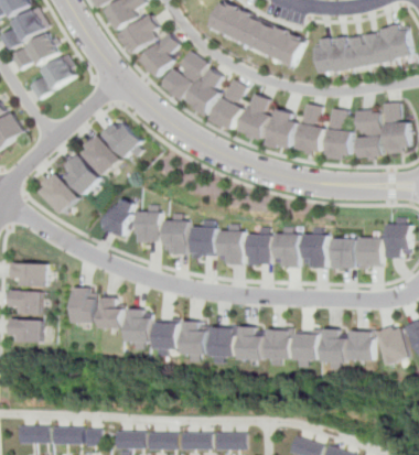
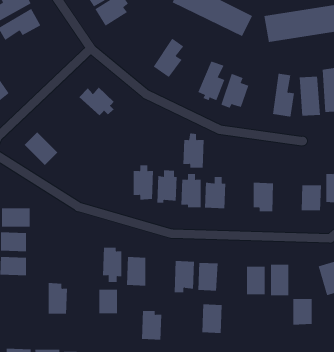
building: [140,35,182,77] -> none
building: [162,51,207,101] -> none
building: [26,57,74,100] -> none
building: [210,78,246,130] -> none
building: [296,104,324,155] -> none
building: [80,136,120,175] -> none
building: [62,155,99,195] -> none
building: [101,198,133,237] -> none
building: [137,205,161,241] -> none
building: [273,226,299,267] -> [183,133,205,168]
building: [329,237,354,268] -> none
building: [74,286,97,323] -> [48,282,68,314]
building: [101,299,123,327] -> [99,289,118,314]
building: [183,321,207,355] -> [141,310,162,340]
building: [266,327,290,361] -> [201,304,222,333]
building: [350,329,373,360] -> [293,298,313,325]

